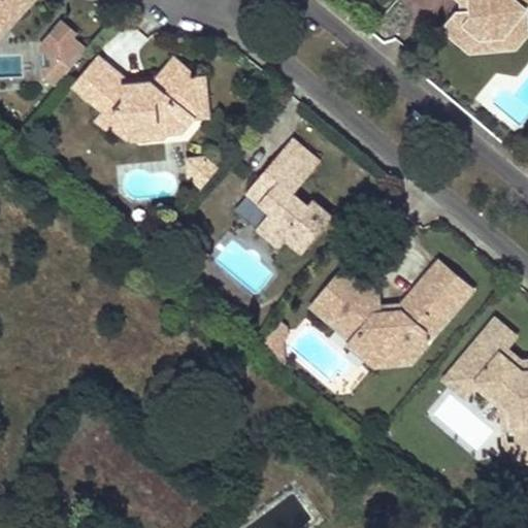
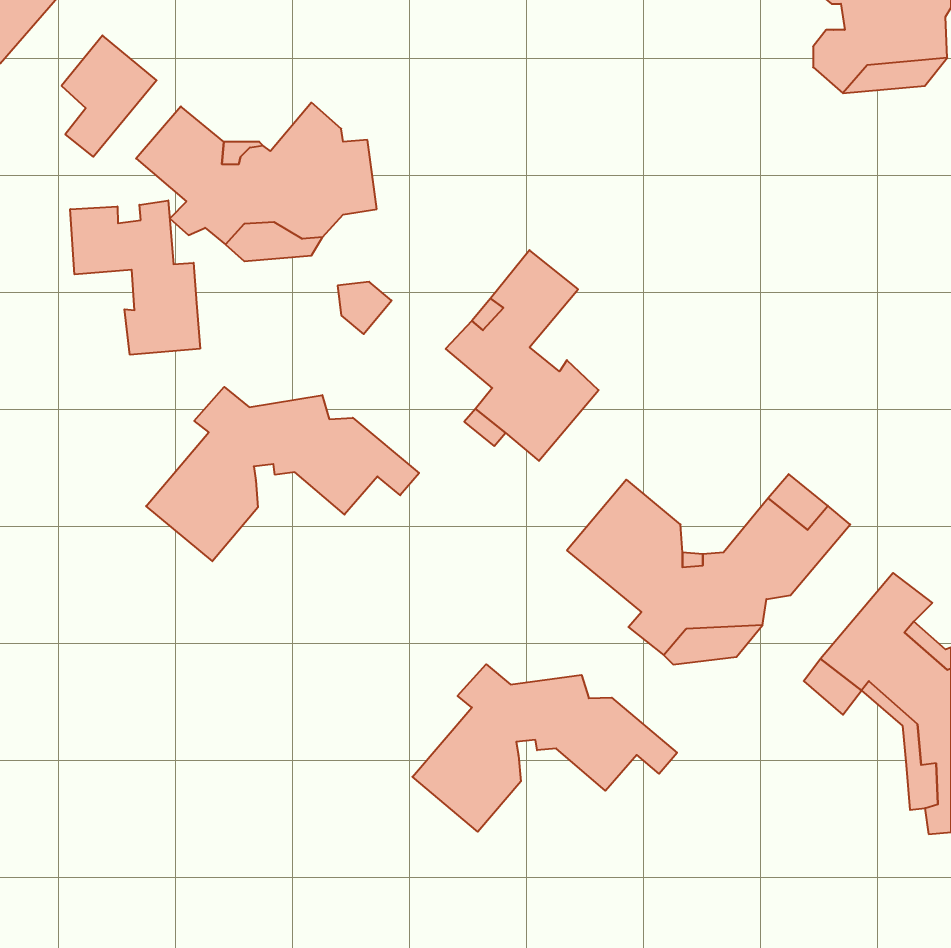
building: none -> [70,200,200,355]
building: none -> [146,387,419,561]
building: none -> [412,664,677,832]

